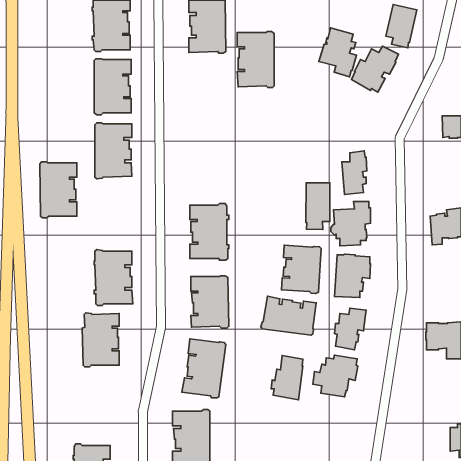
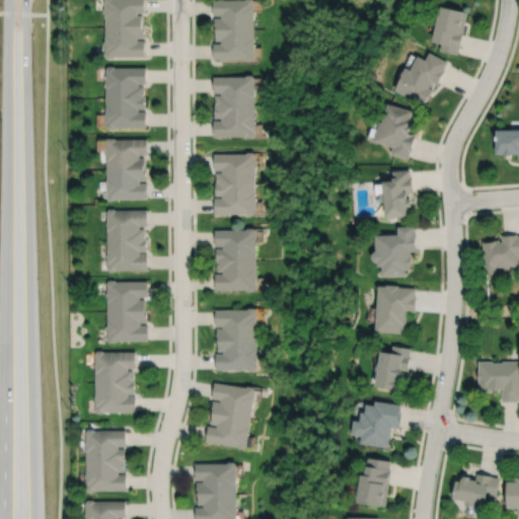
building: [319,28,357,77] -> [373,104,416,159]
building: [237,32,274,88] -> [212,76,253,139]
building: none -> [212,153,254,216]
building: [40,162,77,218] -> [106,210,148,273]
building: [306,183,330,229] -> none
building: [281,245,321,294] -> none
building: [261,296,316,335] -> none
building: [271,355,303,400] -> [355,456,390,506]
building: none -> [82,428,125,491]
building: none -> [452,473,498,506]

